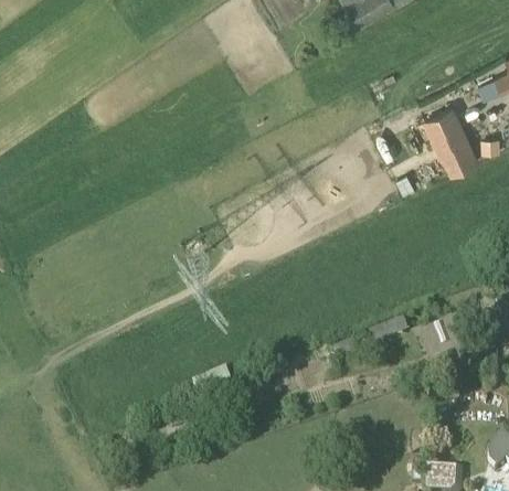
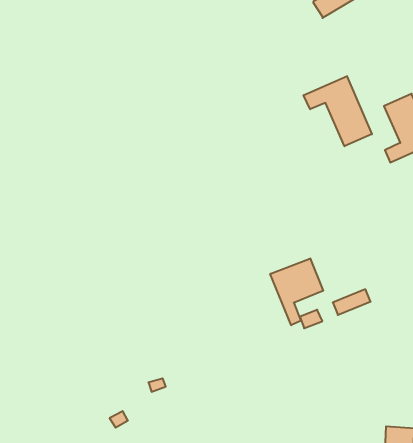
building: none -> [304,76,372,146]
building: none -> [270,258,323,325]

